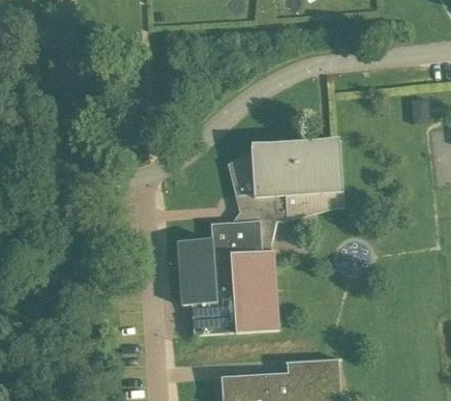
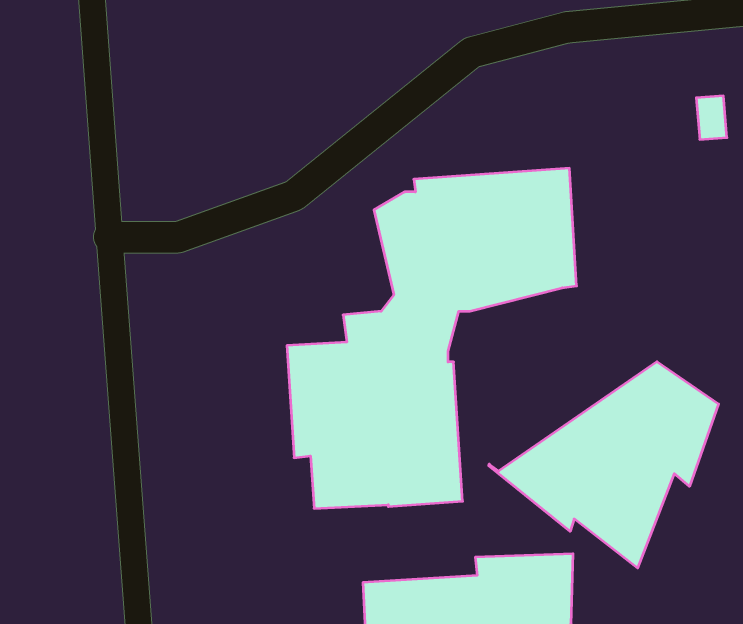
building: none -> [489,362,719,568]

